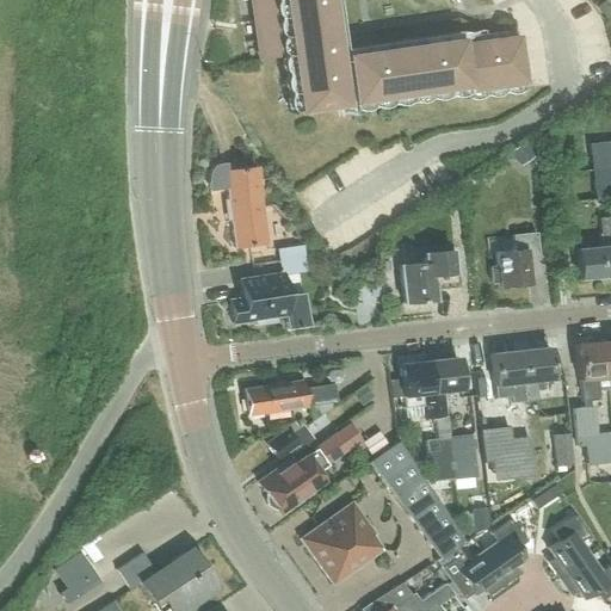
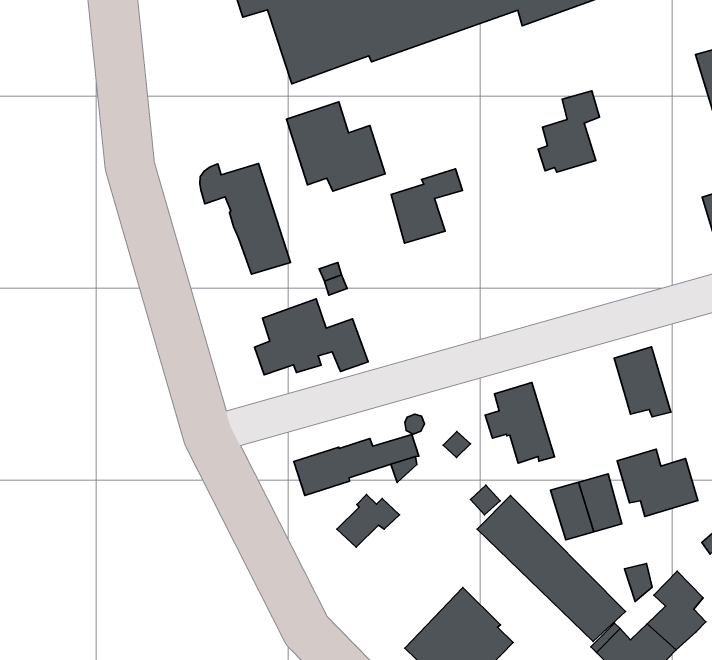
building: none -> [286,102,385,191]
building: [492,232,541,286] -> [538,91,600,172]
building: [402,255,455,303] -> [391,169,462,243]
building: [521,347,555,401] -> none
building: [430,358,463,442] -> none
building: [260,433,351,511] -> none

